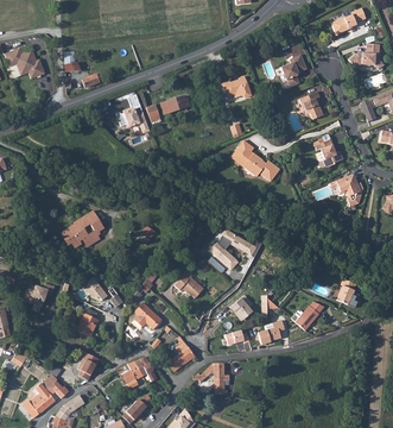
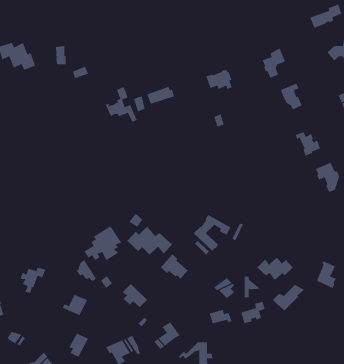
building: [232,139,279,181] -> none
building: [62,210,102,247] -> [84,226,122,261]
building: none -> [127,226,173,255]
building: none -> [257,257,294,281]

